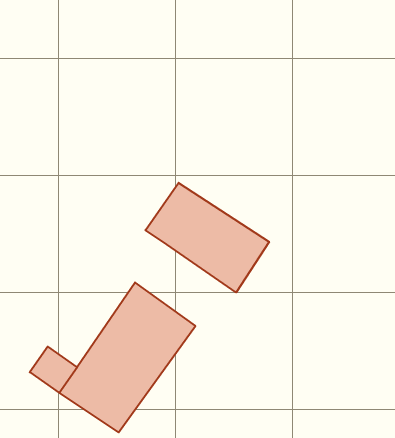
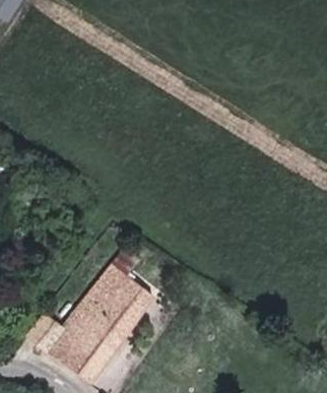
building: [145,183,269,292] -> none

